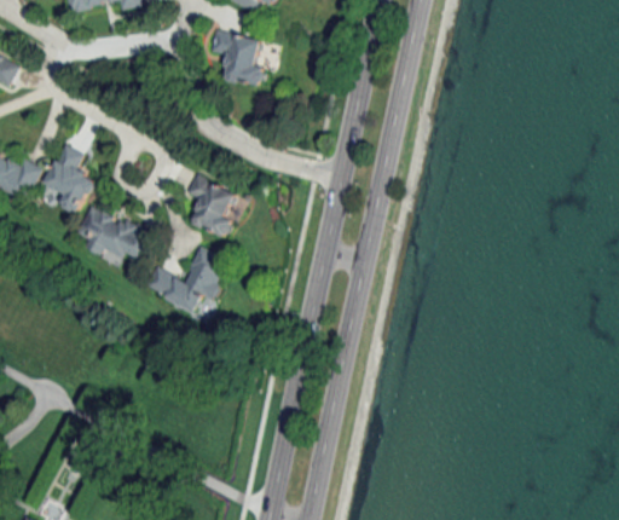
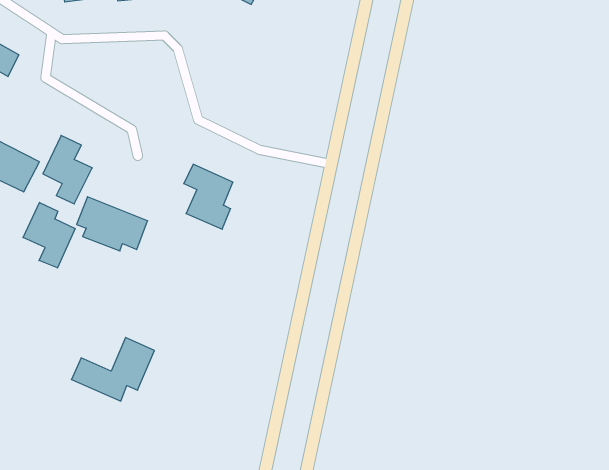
building: [210,31,273,88] -> none
building: none -> [23,202,75,268]
building: [145,247,228,311] -> [71,337,154,401]

